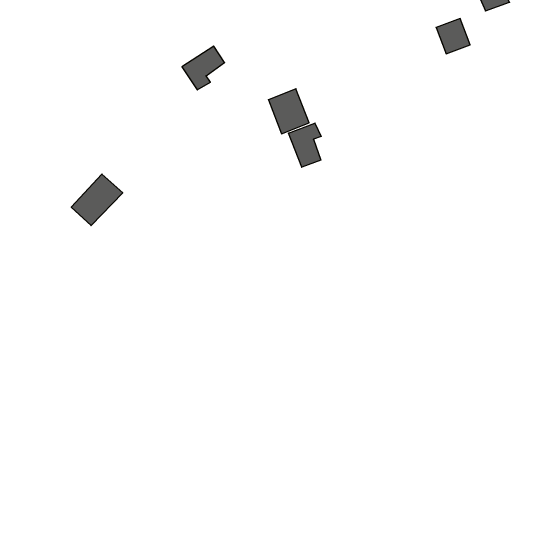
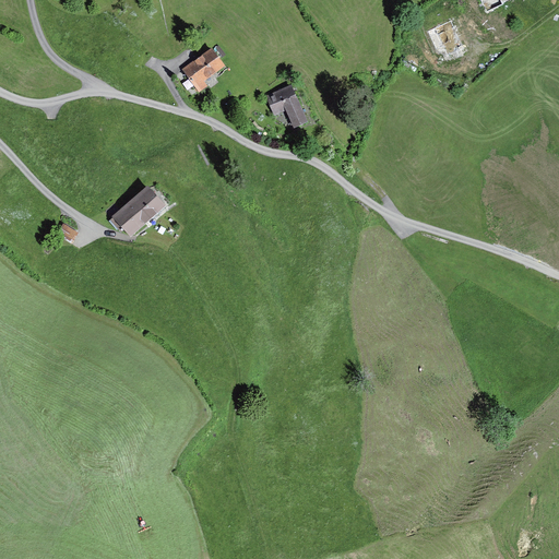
building: [289,123,321,167] -> none
building: [71,174,123,226] -> [115,182,166,234]

